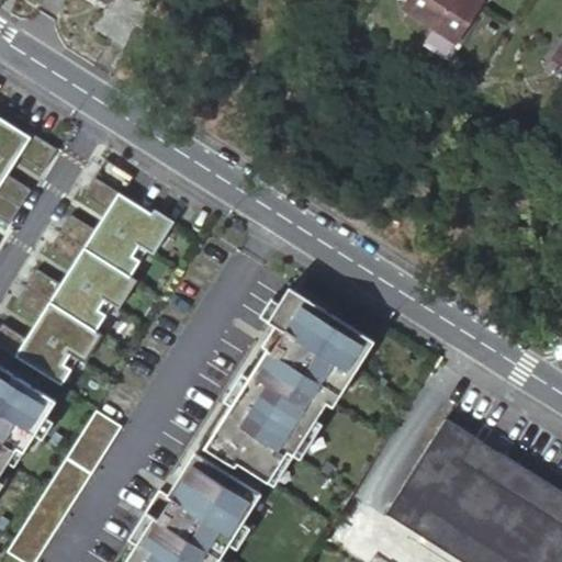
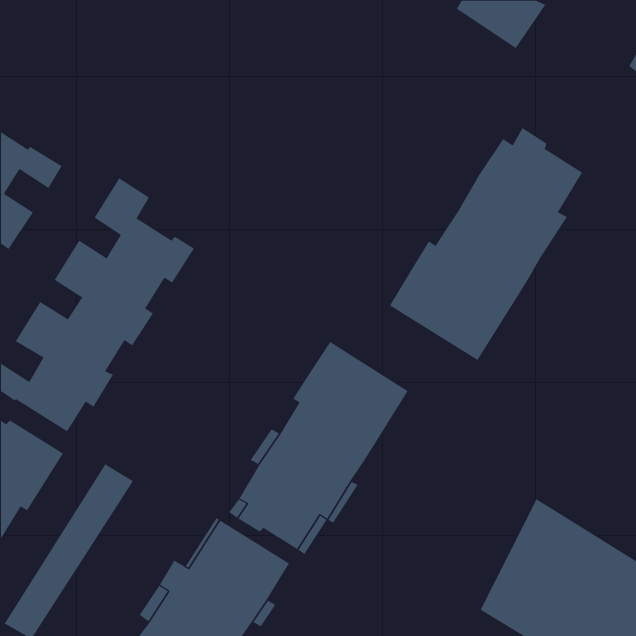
building: none -> [389,127,583,361]
building: [266,293,370,411] -> none
building: [384,422,473,538] -> none

